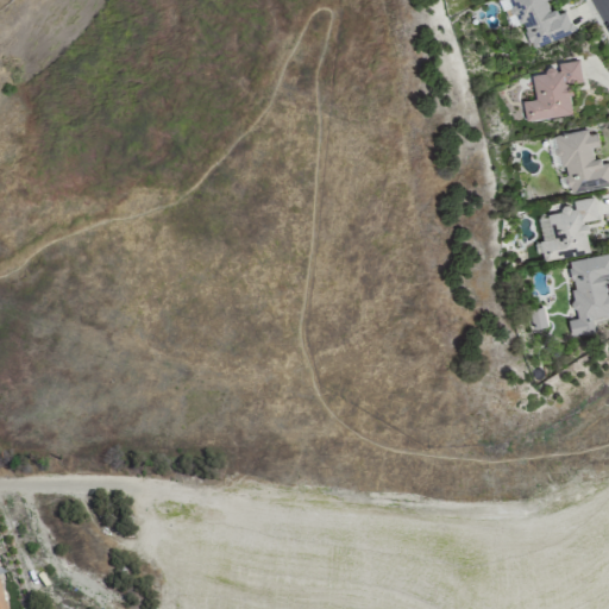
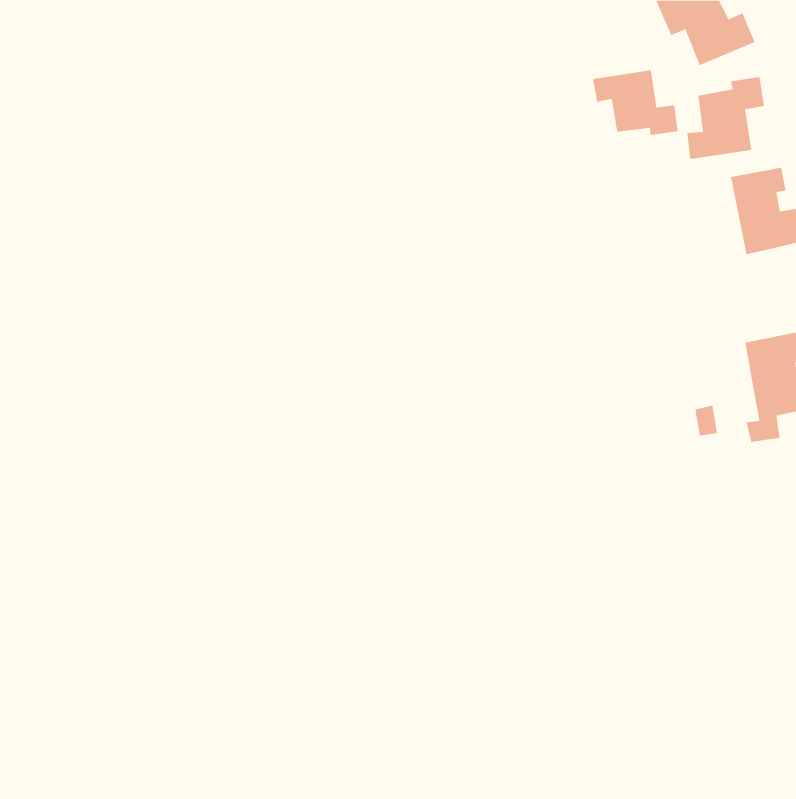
building: none -> [592,70,678,136]
building: [540,195,599,262] -> none

